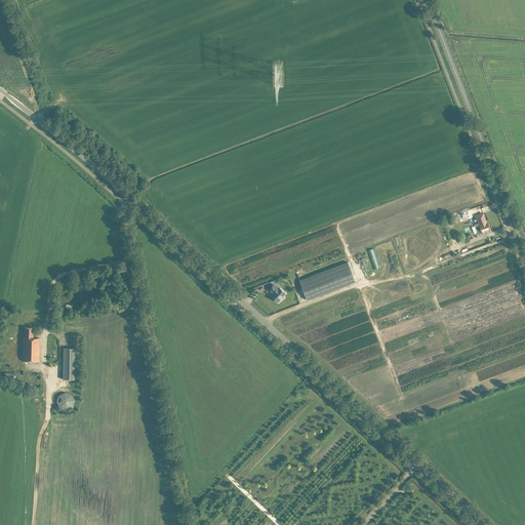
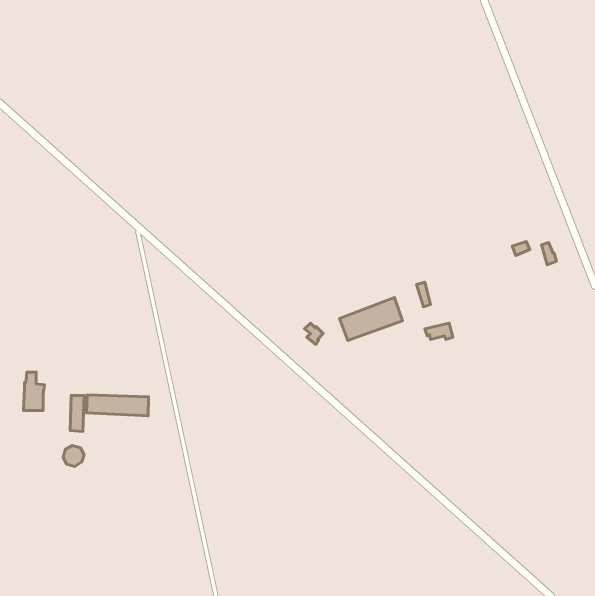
building: none -> [86,395,148,416]

